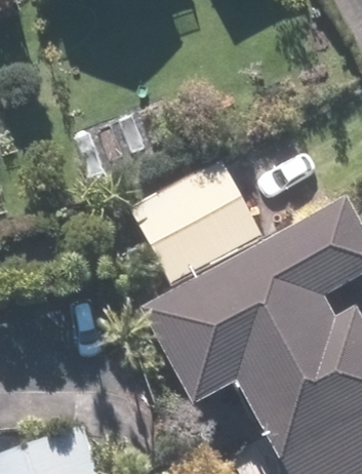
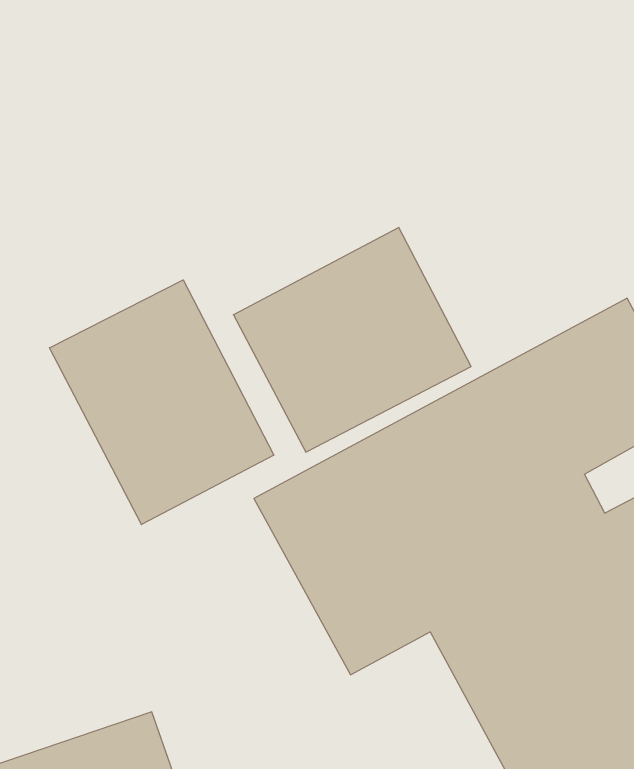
building: none -> [49,280,274,525]

